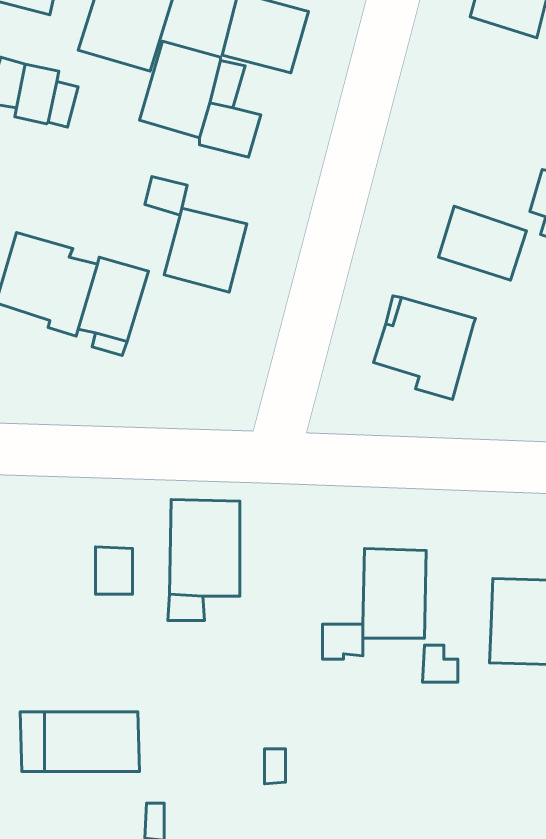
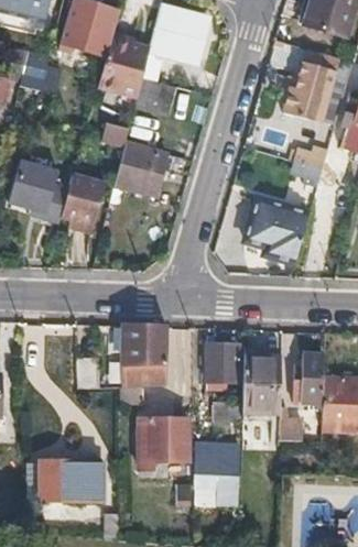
building: none -> [284,47,341,122]
building: none -> [204,344,237,390]
building: none -> [293,352,322,404]
building: none -> [137,417,185,466]
building: none -> [195,444,236,506]

